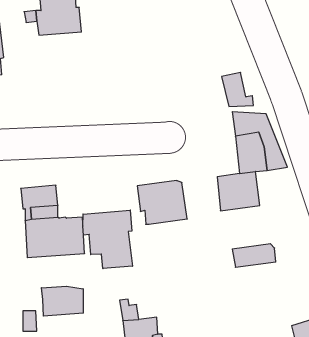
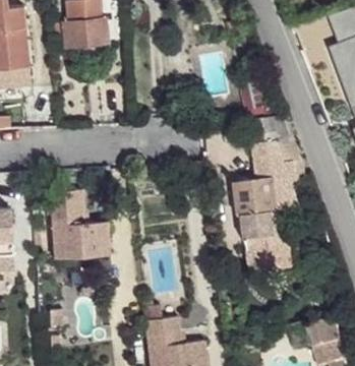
building: [137,181,187,224] -> [239,209,287,251]
building: [83,210,132,269] -> none
building: [41,286,83,316] -> none

